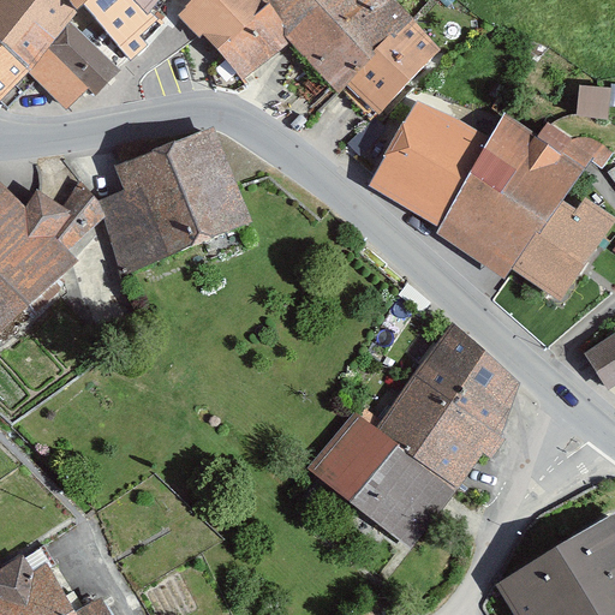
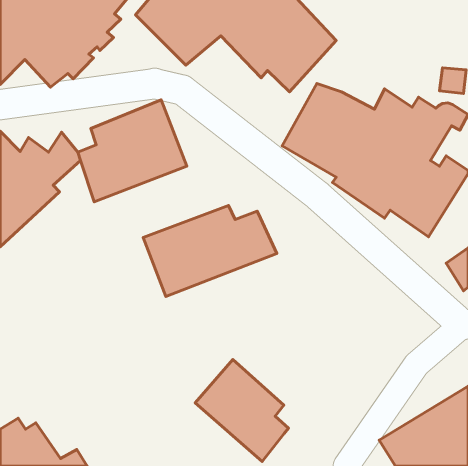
building: none -> [143,205,277,297]
building: [306,316,520,543] -> none
building: none -> [195,360,288,462]

